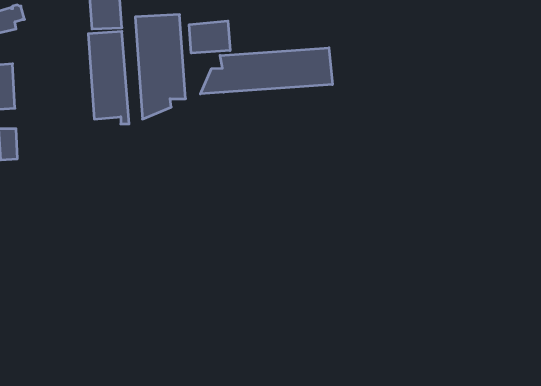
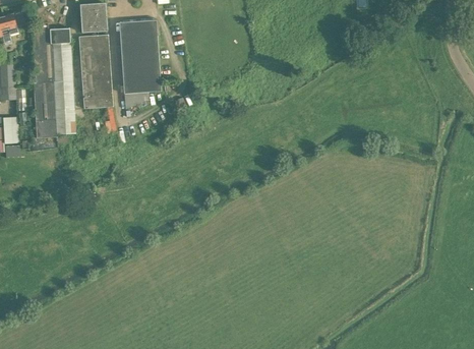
building: [189,21,230,53] -> none
building: none -> [32,27,75,138]
building: [200,48,332,94] -> none

